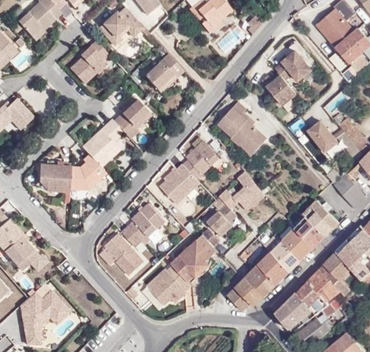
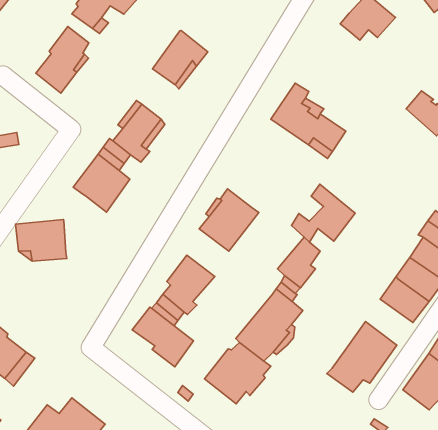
building: [261,74,296,105] -> none
building: [182,141,219,179] -> none
building: [69,153,105,189] -> none
building: [258,253,289,285] -> none

